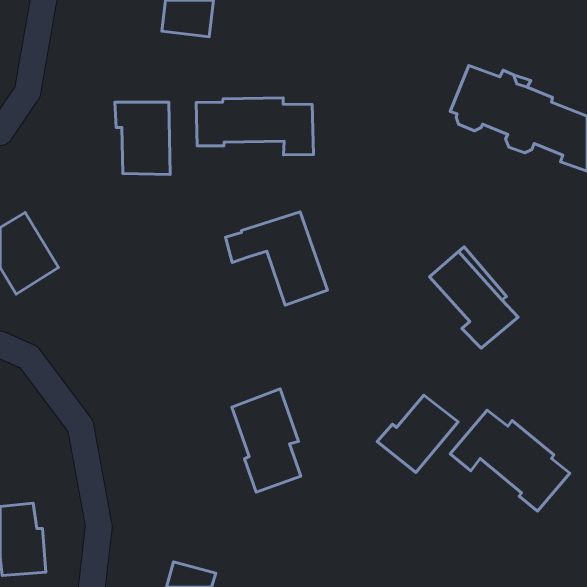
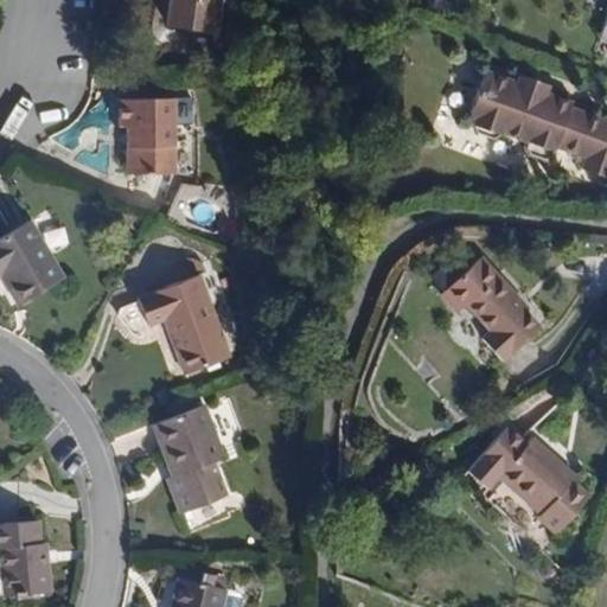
building: [196,98,313,155] -> none
building: [225,212,328,305] -> [127,275,232,371]
building: [232,389,301,492] -> [158,405,229,512]
building: [377,395,458,473] -> none

